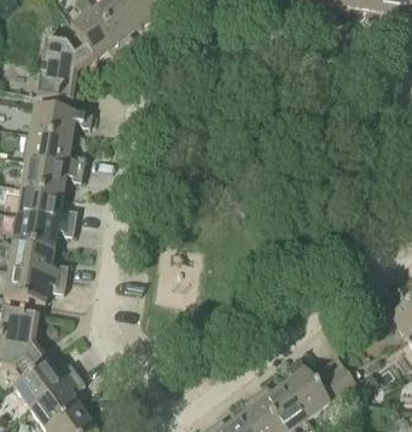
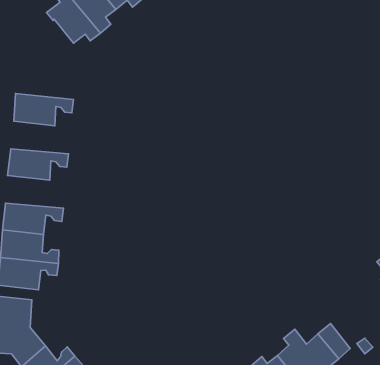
building: [37,33,97,100] -> none
building: [27,133,87,169] -> none
building: [18,188,77,224] -> none

